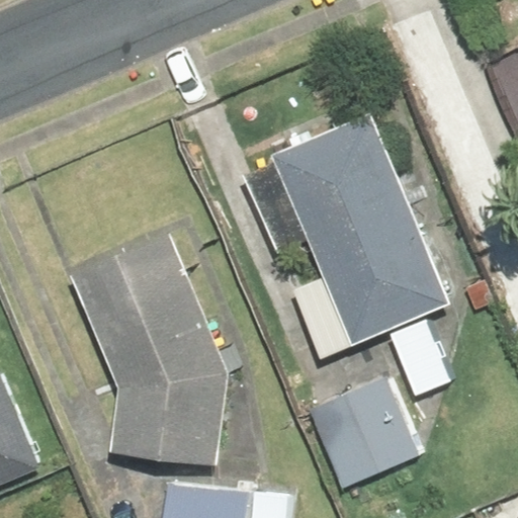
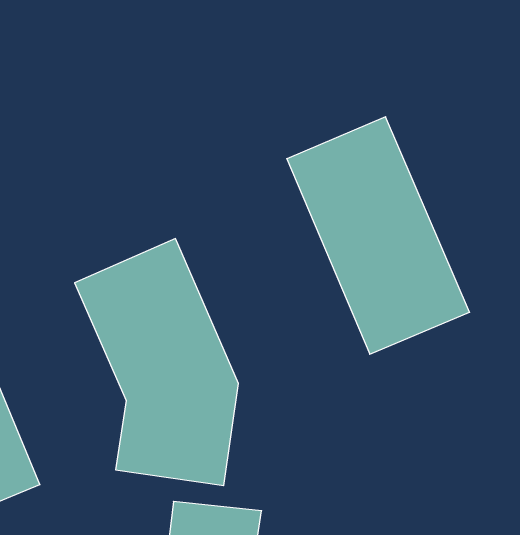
building: [308,380,418,488] -> none

